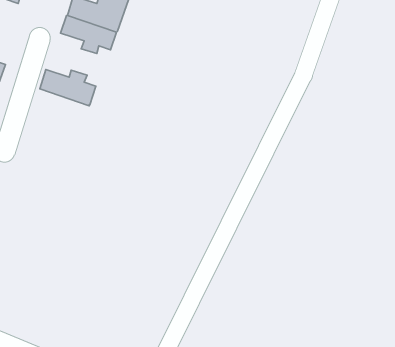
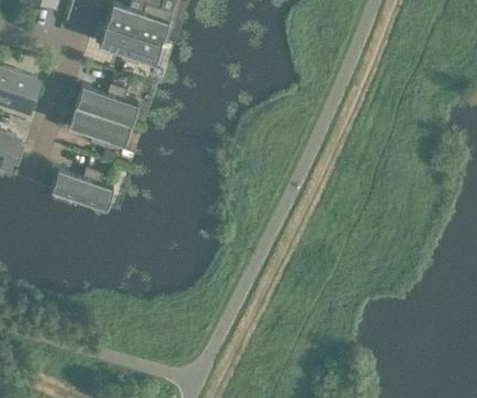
building: none -> [68,109,130,151]
building: none -> [52,170,114,211]

